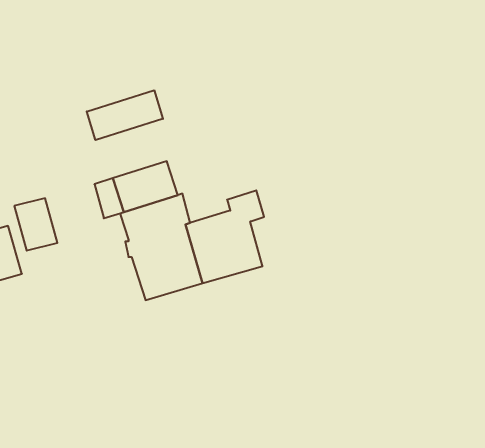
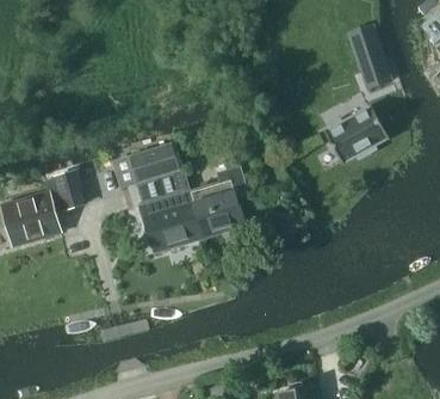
building: none -> [348,24,391,87]
building: [87,90,163,140] -> none
building: none -> [324,103,388,161]

